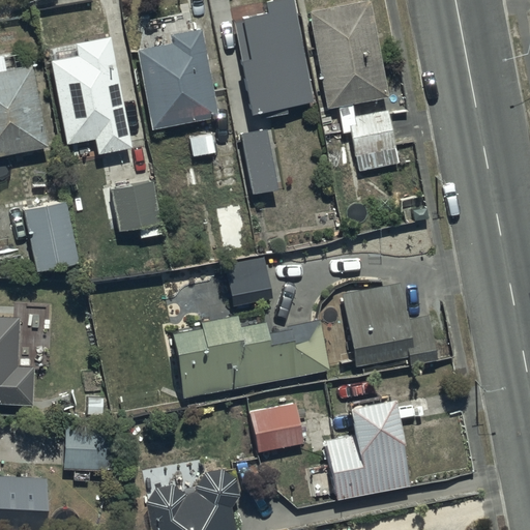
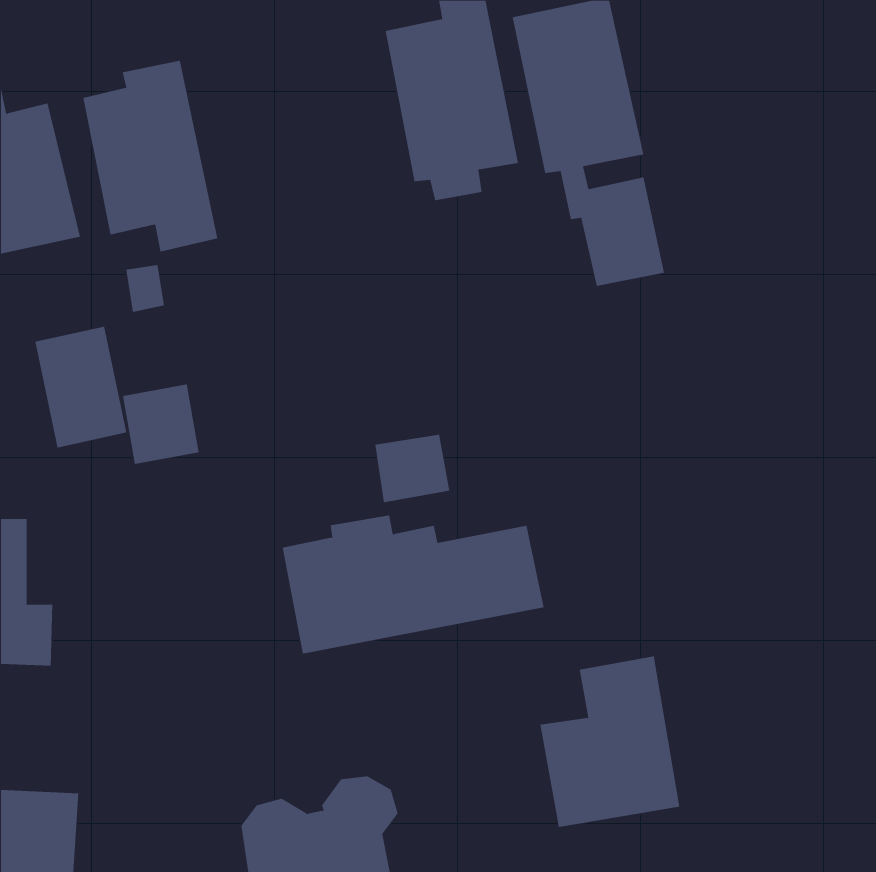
building: [138,26,219,129] -> none
building: [240,129,278,196] -> none
building: [113,184,159,233] -> [122,384,199,465]
building: [343,283,438,366] -> none
building: [257,406,304,455] -> none
building: [62,424,108,473] -> none

